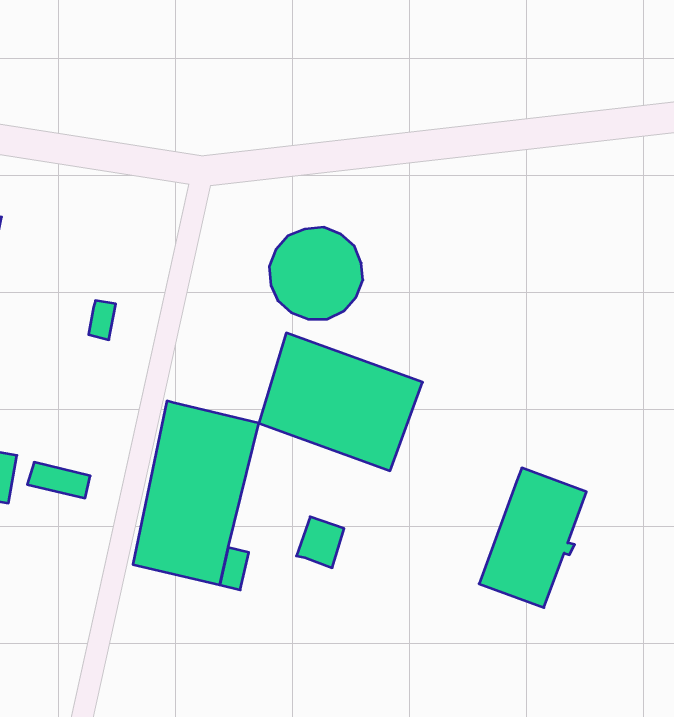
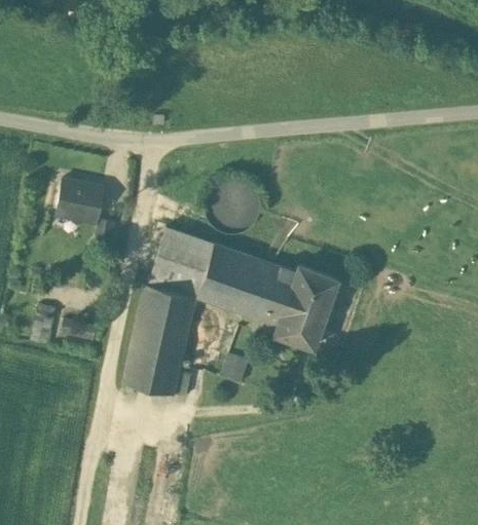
building: none -> [54,182,104,227]
building: none -> [147,227,215,298]
building: [479,468,586,608] -> [274,265,339,349]

